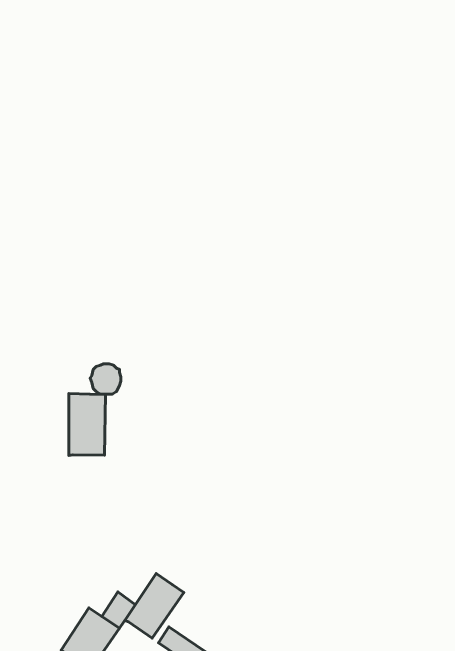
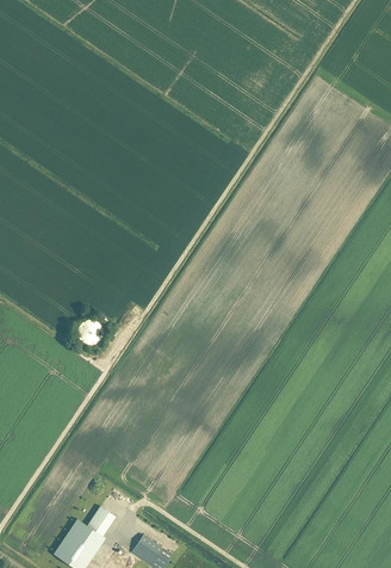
building: [69,394,106,456] -> none
building: [125,574,184,638] -> none

